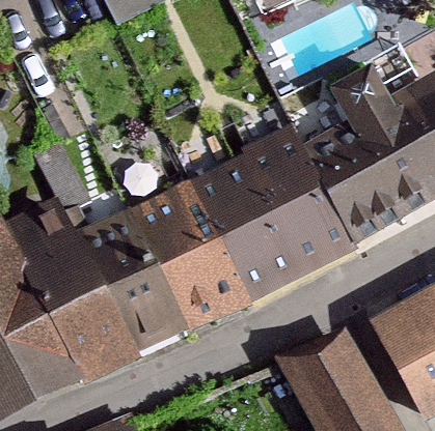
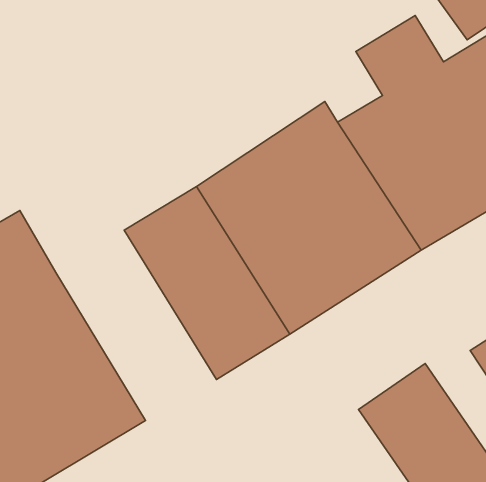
building: [66,209,183,356] -> none

